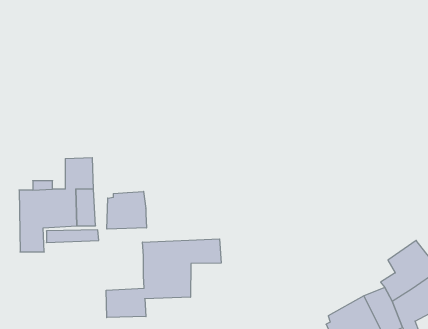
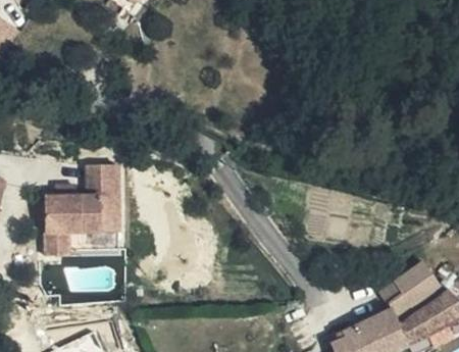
building: [107,191,146,229] -> none
building: [106,239,221,318] -> none

